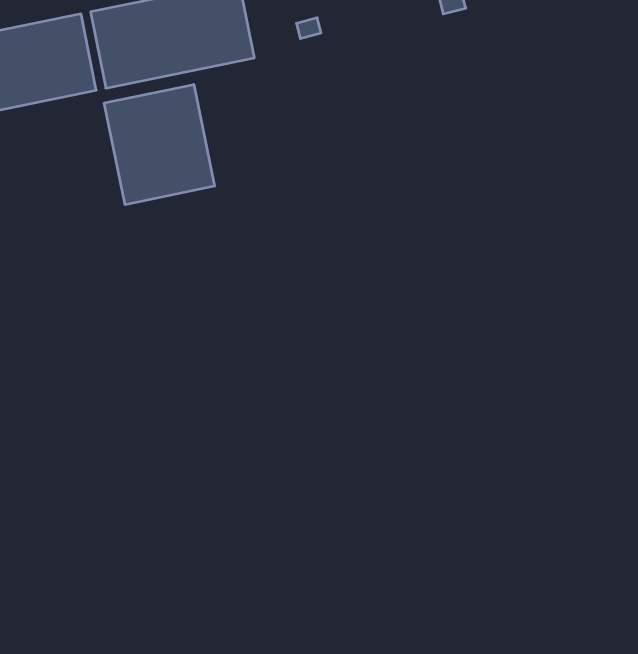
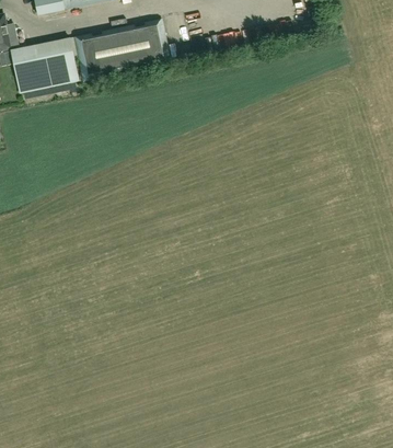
building: [104,84,215,205] -> none

